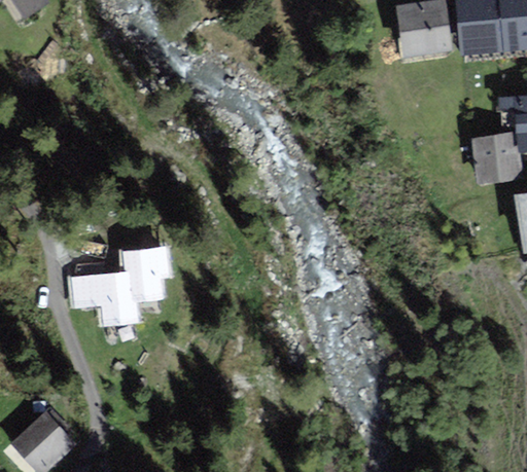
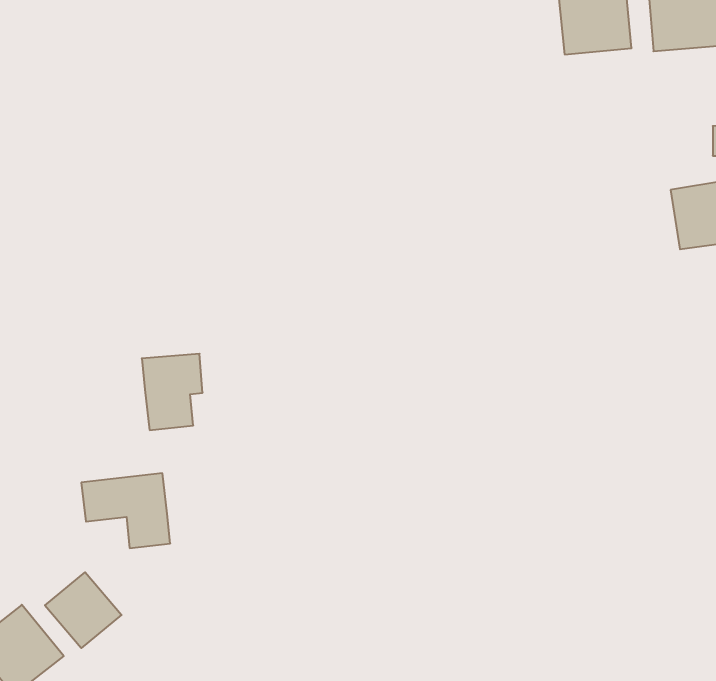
building: [74,274,133,323] -> [81,473,170,548]
building: none -> [45,572,122,648]

